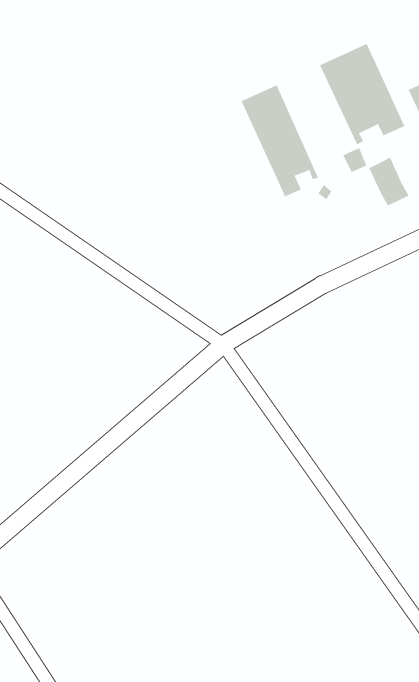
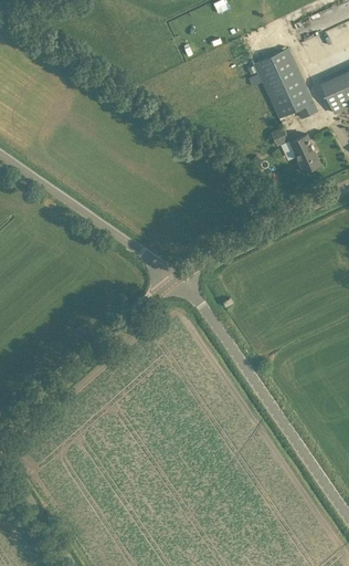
building: [241,84,319,197] -> none

